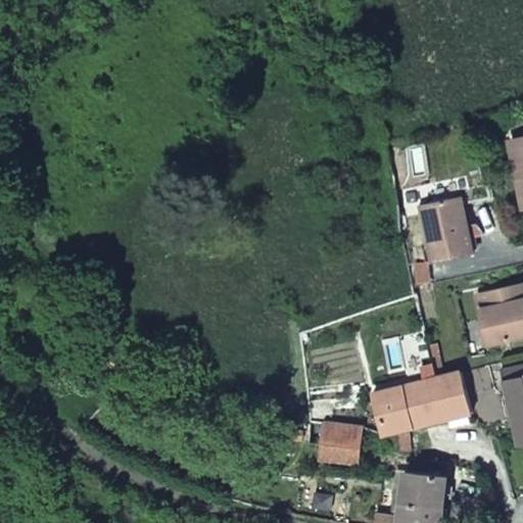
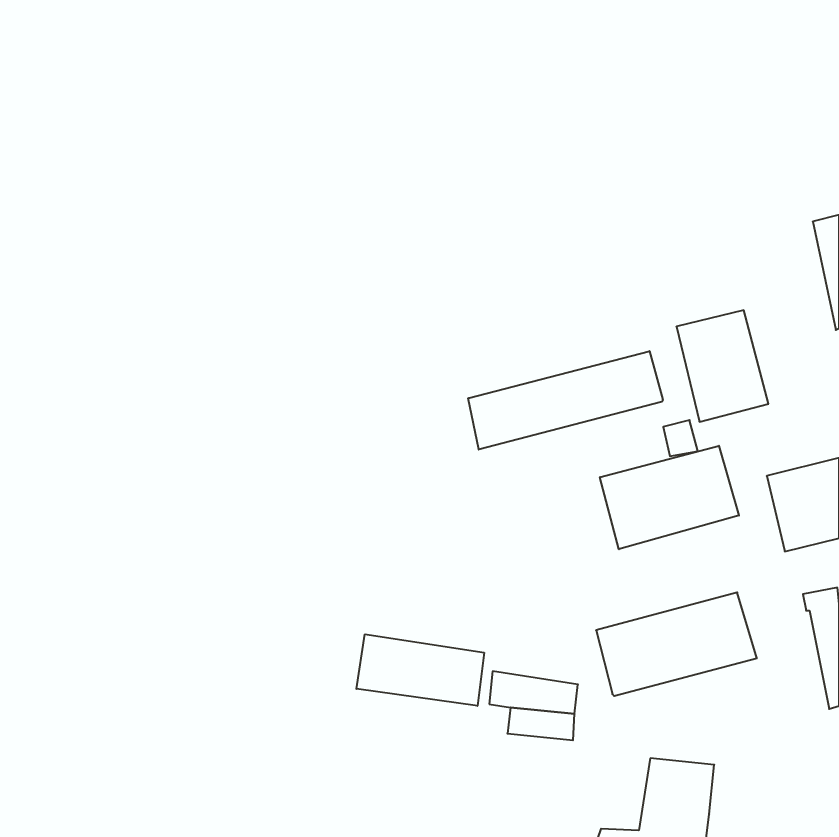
building: none -> [468,351,663,450]
building: none -> [600,446,739,549]
building: none -> [356,634,484,706]

